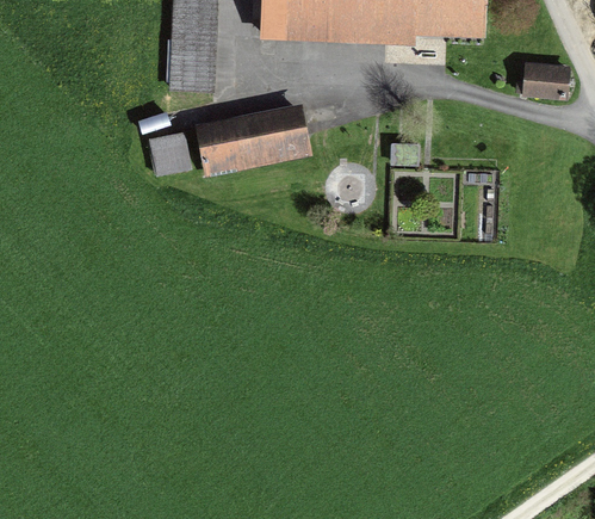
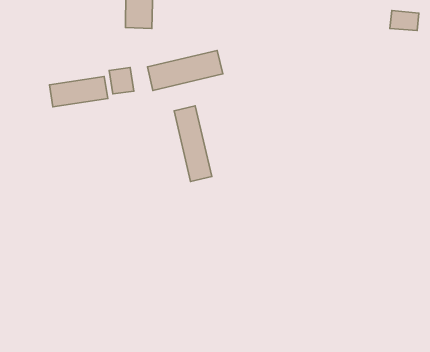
building: none -> [49,76,108,107]
building: none -> [174,106,212,181]

